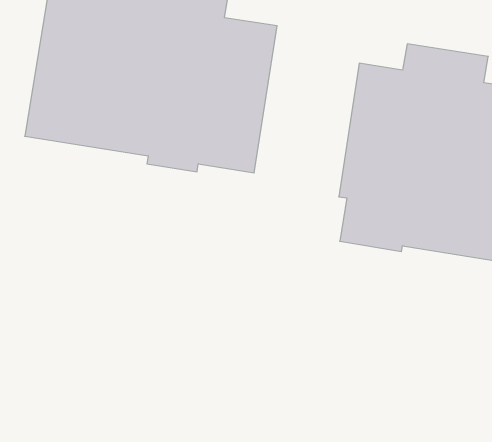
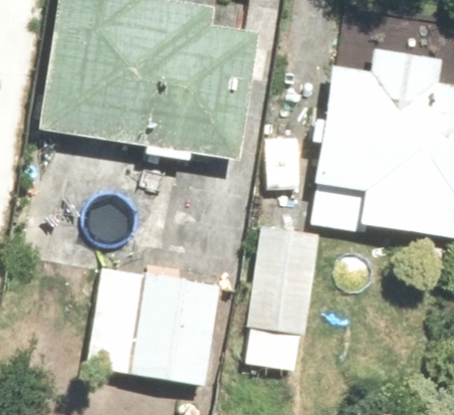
building: none -> [248,223,320,369]
building: none -> [87,261,225,386]

